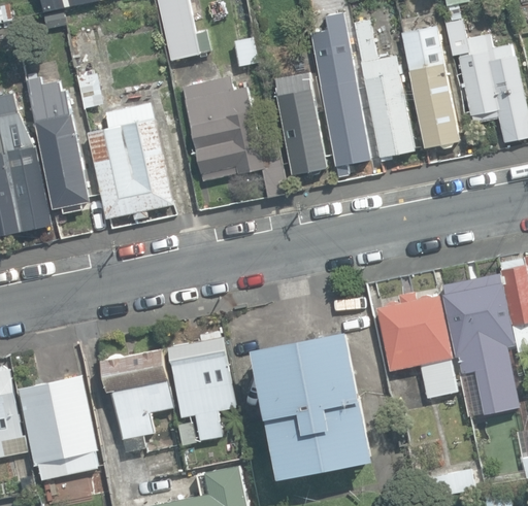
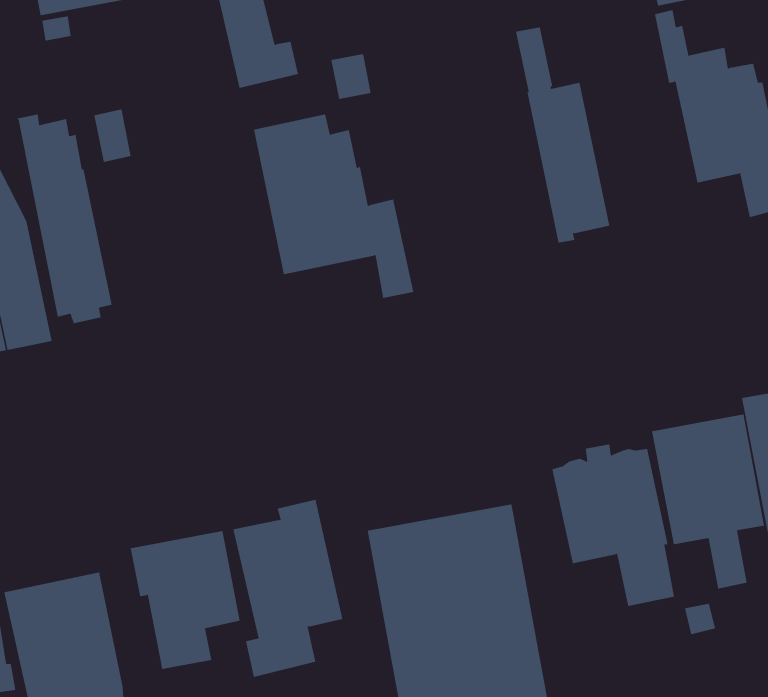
building: [399,27,459,148] -> none
building: [315,52,369,173] -> none
building: [274,73,327,176] -> none
building: [87,100,173,222] -> none

